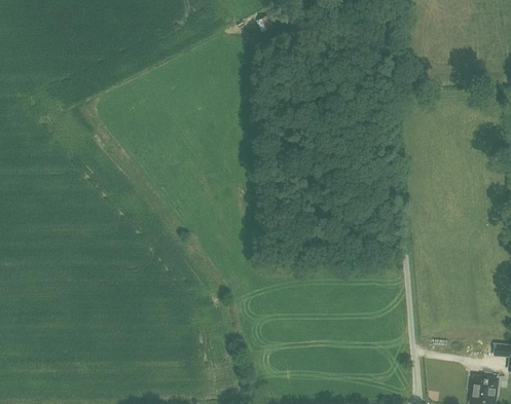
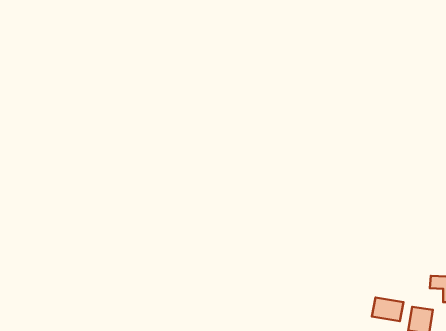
building: none -> [372,298,404,321]

